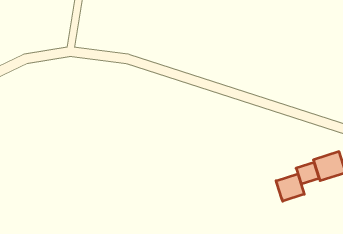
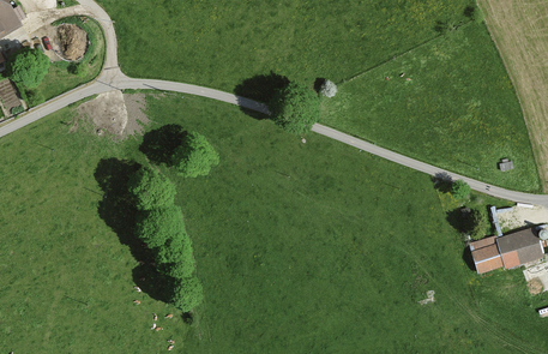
building: [276,174,304,201] -> none

